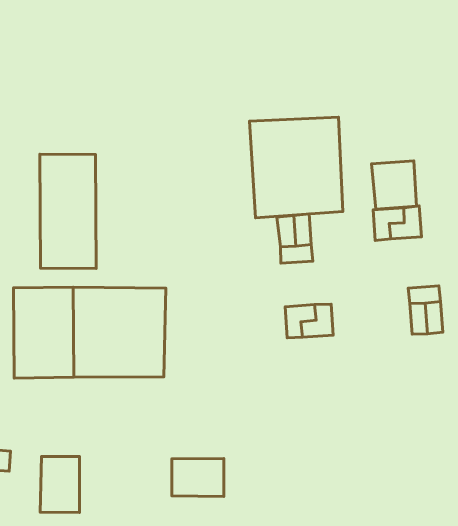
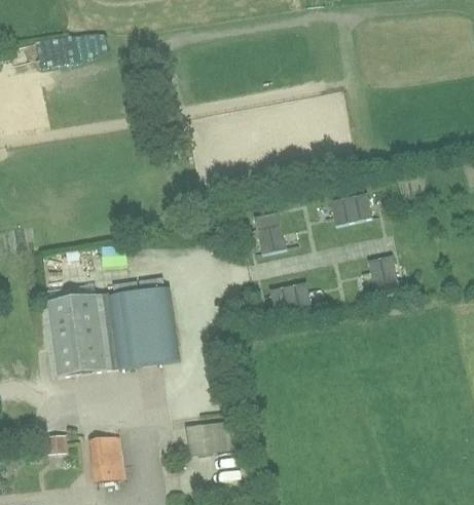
building: [249,117,343,218] -> none
building: [40,154,96,268] -> none
building: [372,161,416,209] -> none

